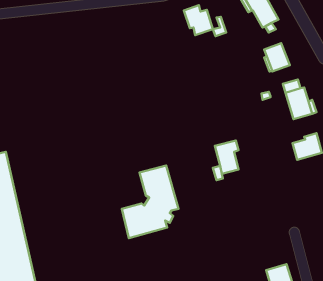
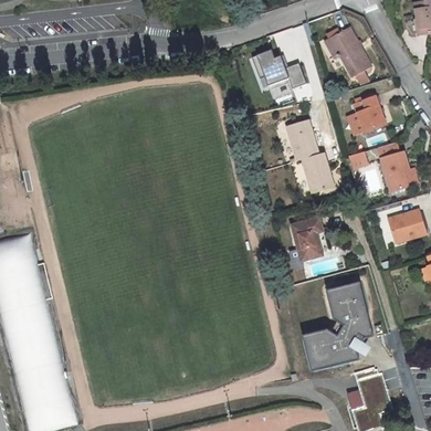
building: none -> [285,119,333,192]
building: [122,166,179,238] -> [301,280,371,370]

